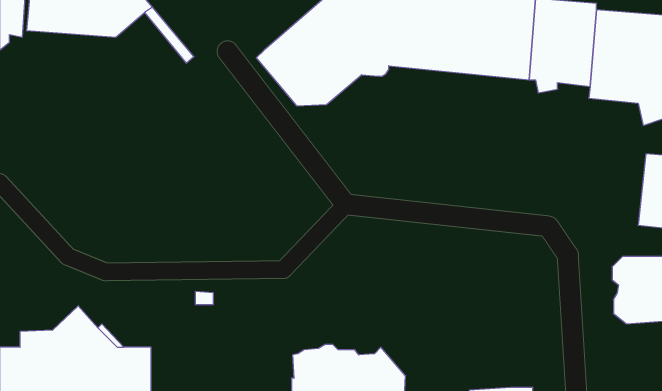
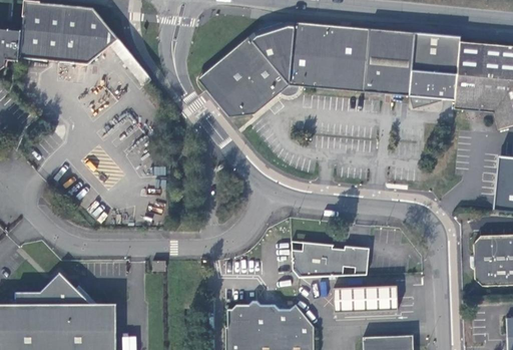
building: none -> [290,242,370,275]
building: none -> [328,285,394,307]

